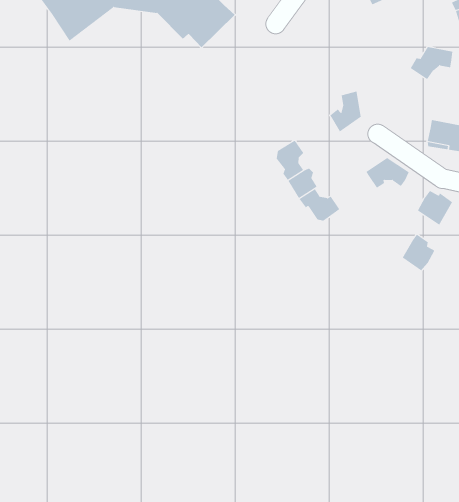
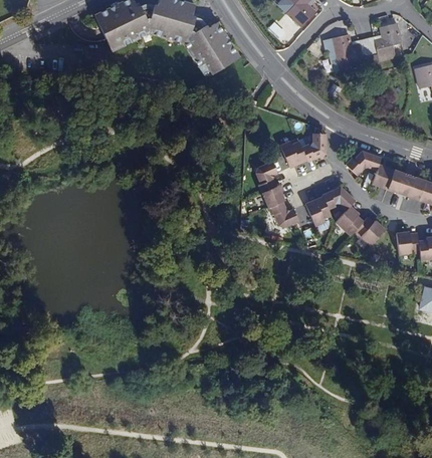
building: [410,47,453,80] -> [345,150,380,175]
building: none -> [279,137,306,168]
building: none -> [304,197,332,225]
building: [402,234,435,271] -> [337,206,363,235]

